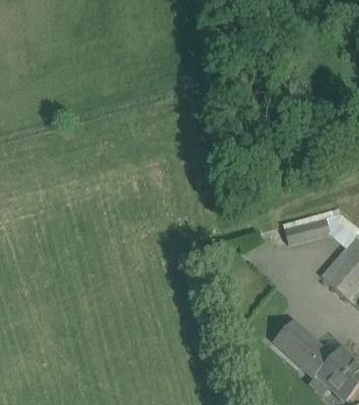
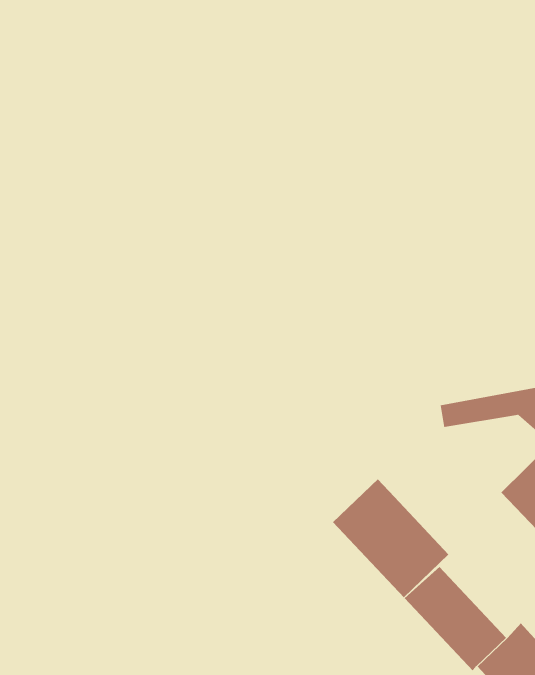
building: none -> [332,479,449,598]

